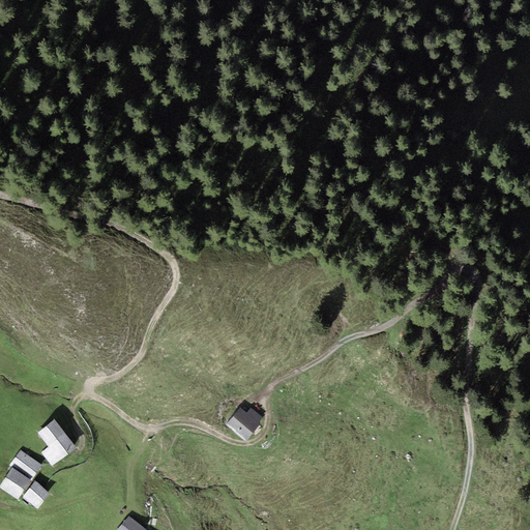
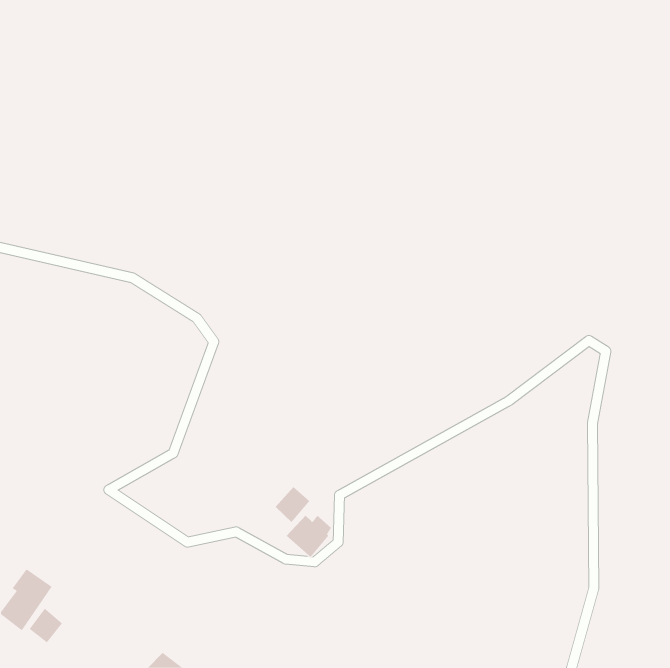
building: none -> [275,486,310,523]
building: [38,419,76,465] -> none

